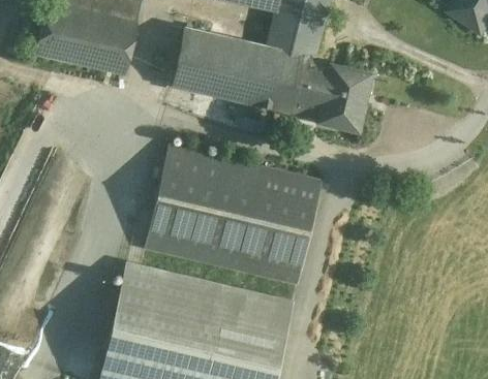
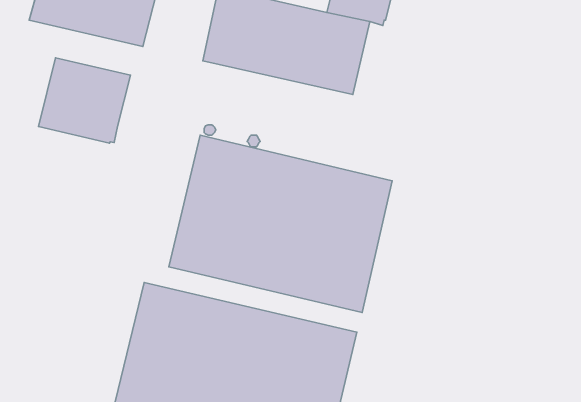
building: [291,56,366,131] -> none
building: none -> [38,58,131,143]

